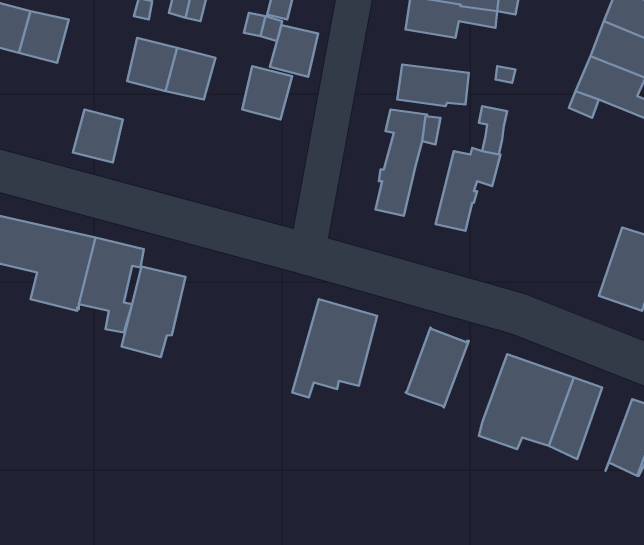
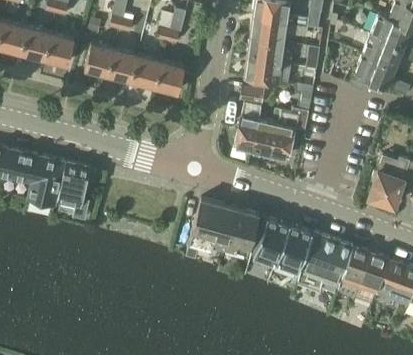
building: [270,25,318,77] -> [131,54,160,85]
building: none -> [250,37,292,63]
building: [73,109,123,163] -> [43,31,73,63]
building: none -> [251,108,281,154]
building: [121,267,186,357] -> none
building: none -> [224,209,265,258]
building: none -> [275,224,313,271]
building: none -> [355,252,388,302]

